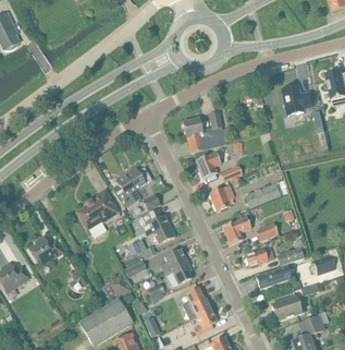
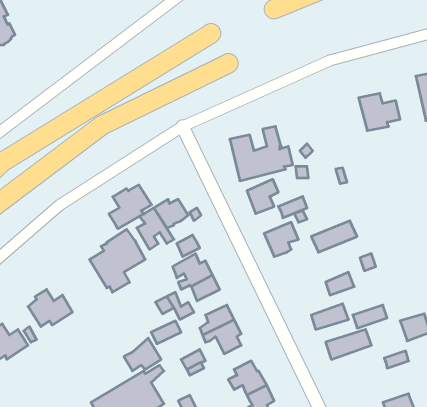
building: none -> [109,185,152,229]
building: [223,216,252,244] -> none
building: [272,295,306,321] -> none

